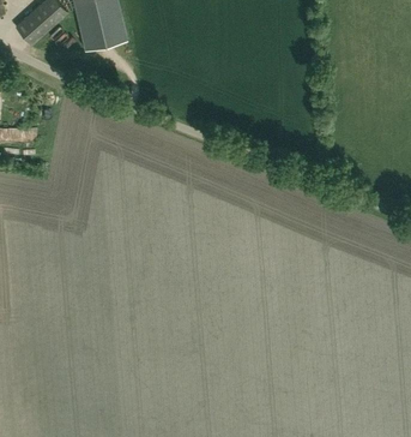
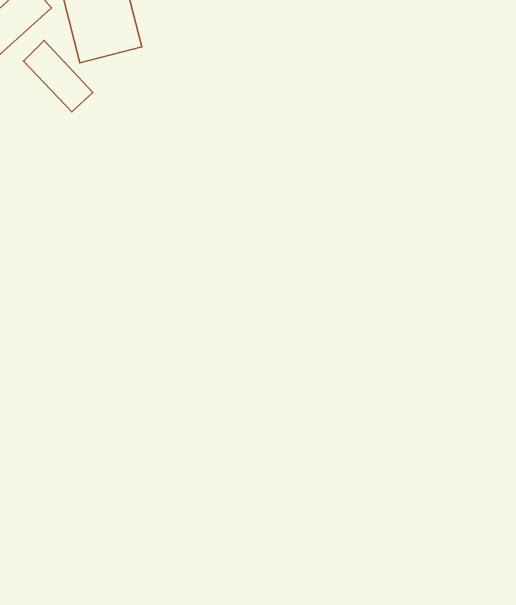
building: none -> [23,40,93,112]

